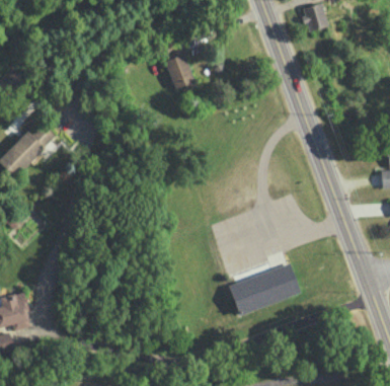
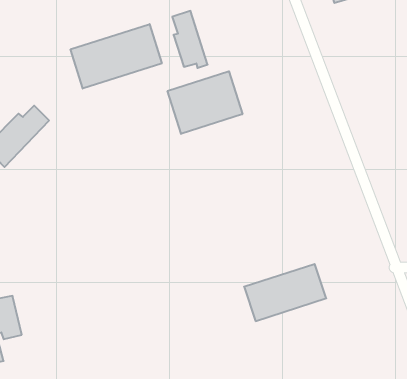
building: none -> [71,24,162,89]
building: none -> [168,71,242,134]

